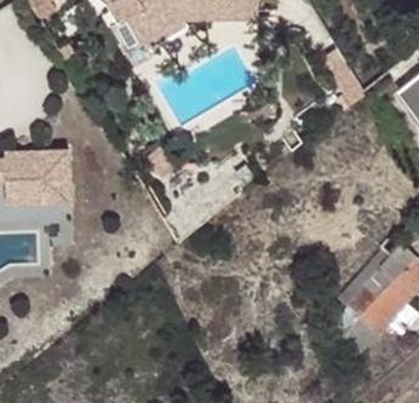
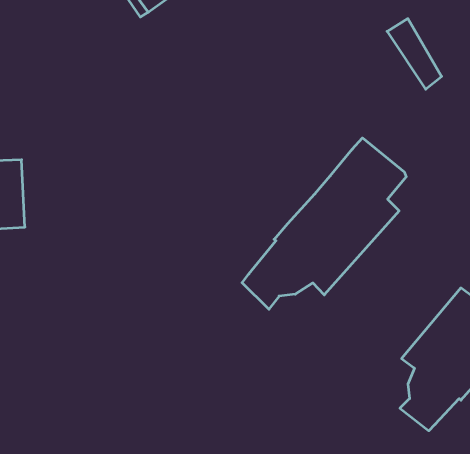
building: none -> [242,138,406,309]

